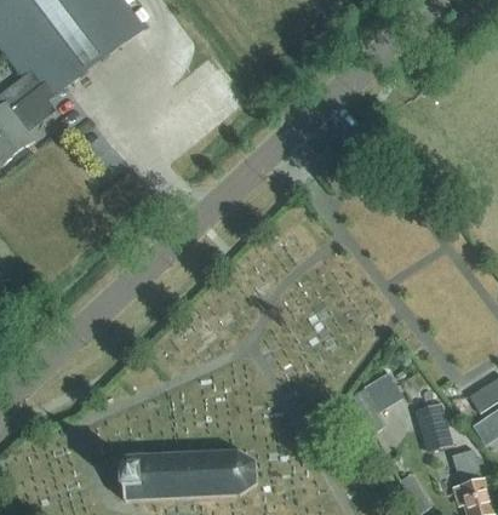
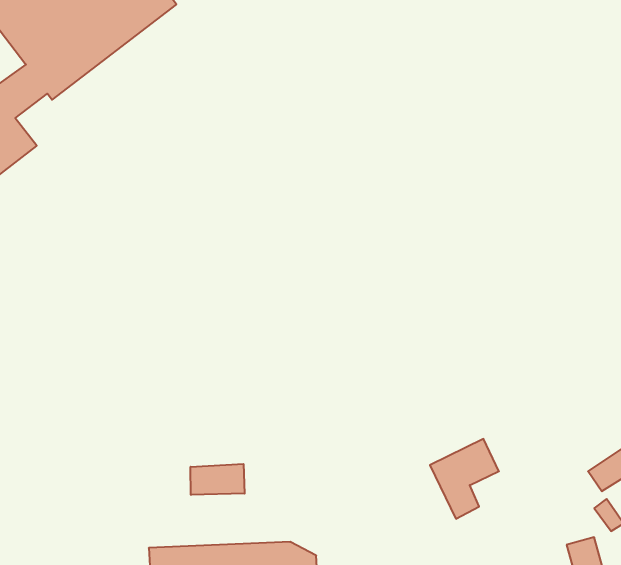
building: none -> [191,464,245,495]
building: [418,402,453,452] -> none

